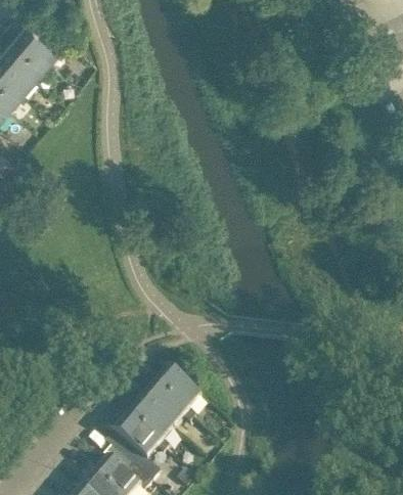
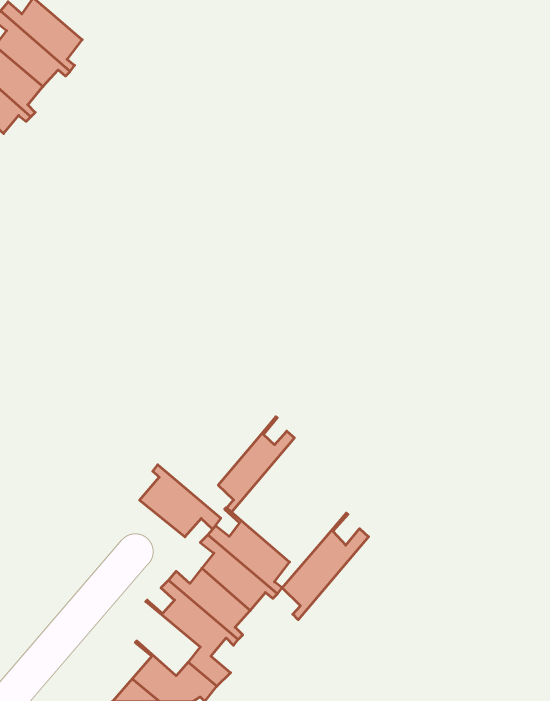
building: none -> [218,417,294,512]
building: none -> [140,465,221,537]
building: none -> [282,513,369,620]

